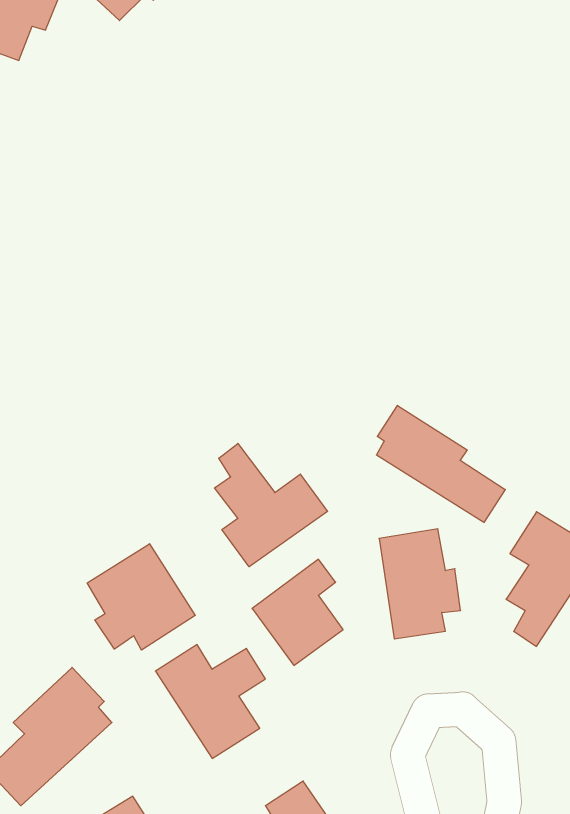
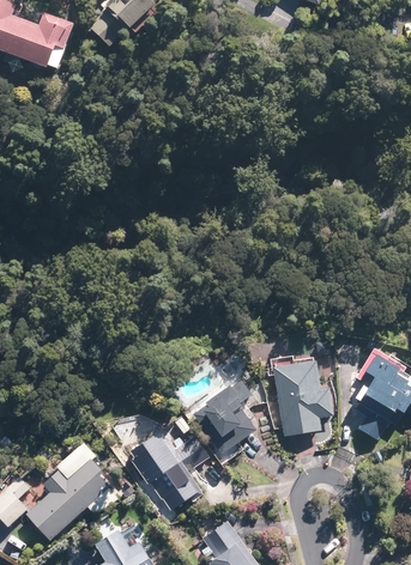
building: [376,405,505,522] -> none
building: [215,443,328,567] -> none
building: [87,544,195,650] -> none

